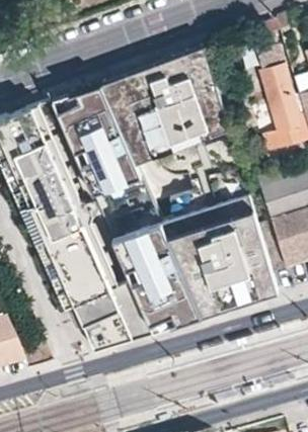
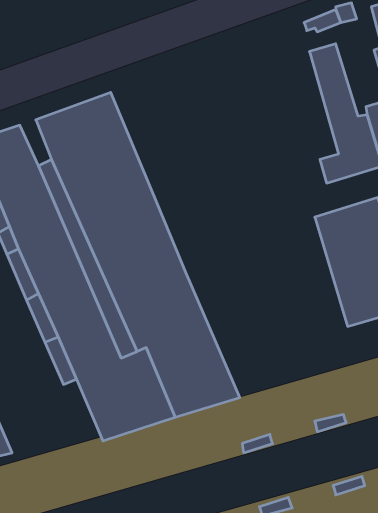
building: [101,46,229,162] -> none
building: [159,192,277,317] -> none

